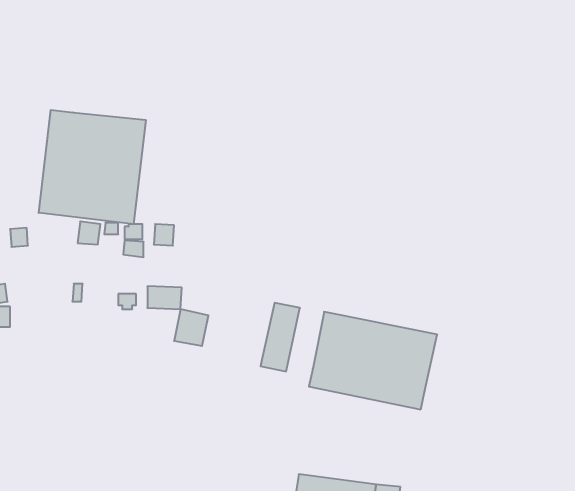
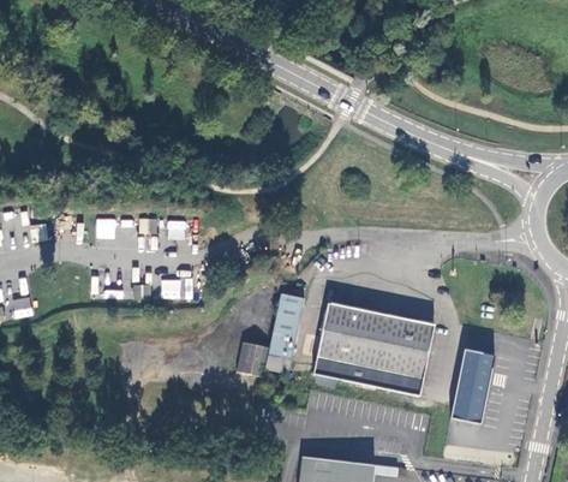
building: [39,110,146,224] -> none
building: [174,309,208,346] -> [237,341,269,376]
building: none -> [449,349,495,424]

